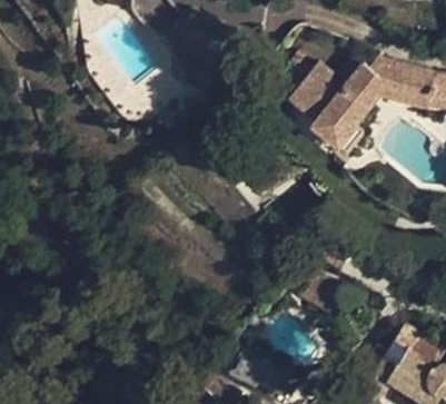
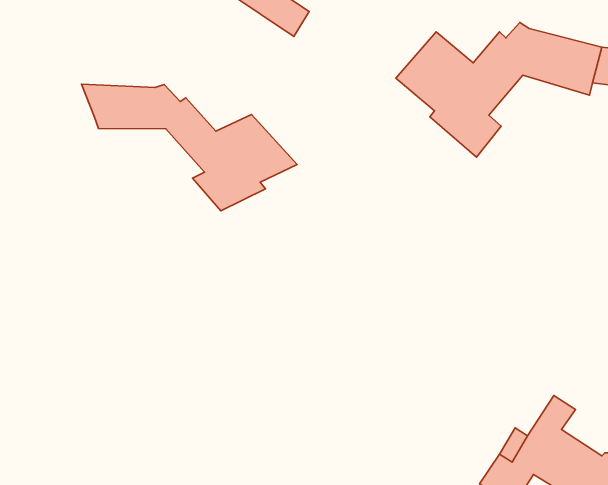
building: none -> [82,84,297,211]

